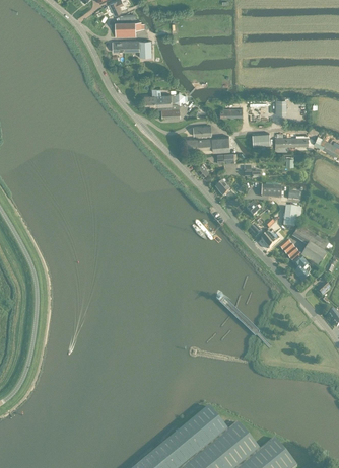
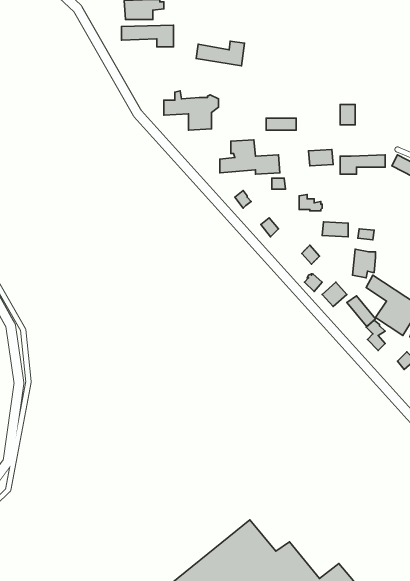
building: none -> [196,41,245,66]

